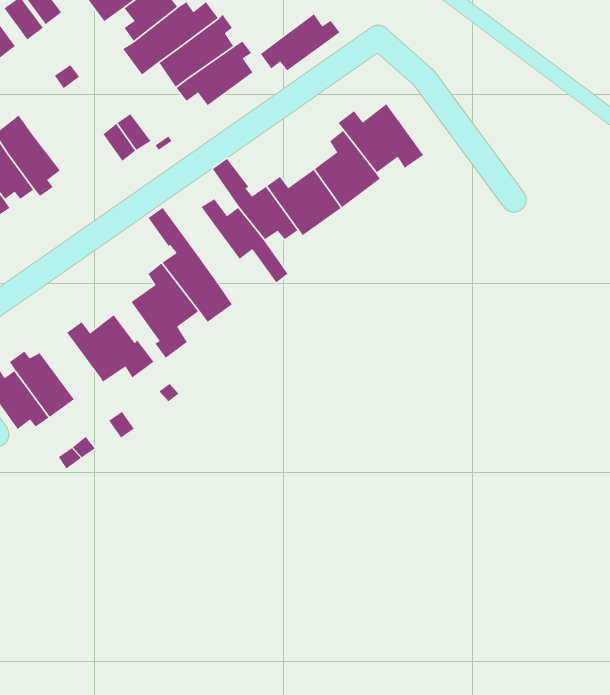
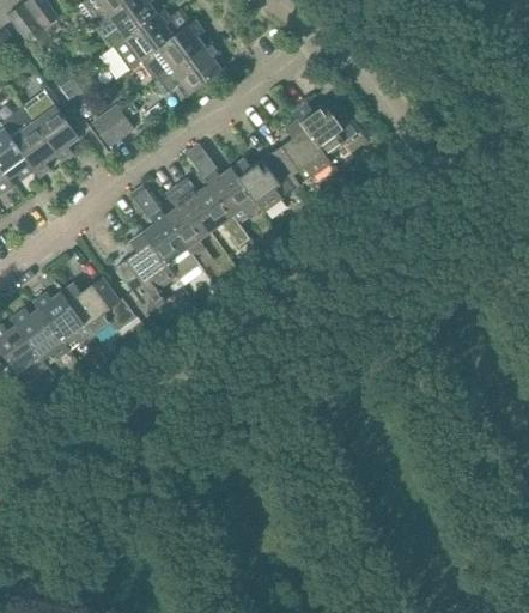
building: [260,13,341,71] -> none
building: none -> [19,89,78,160]
building: none -> [164,184,208,254]
building: none -> [32,292,90,350]

